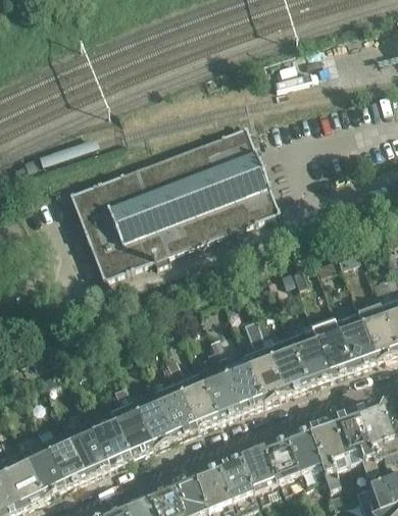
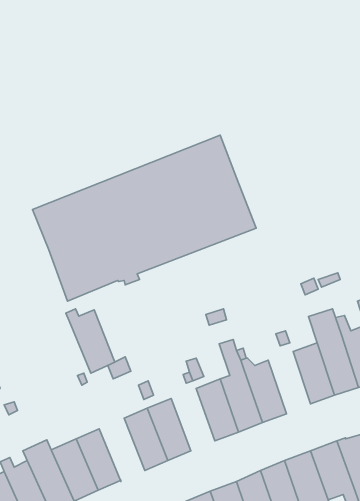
building: [291,329,331,388] -> none
building: [200,364,241,422] -> none
building: [130,391,176,451] -> [66,309,115,373]

